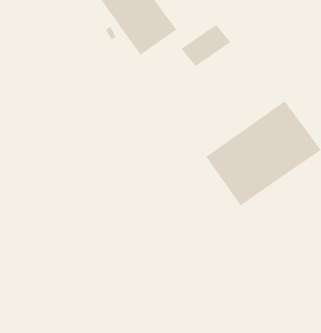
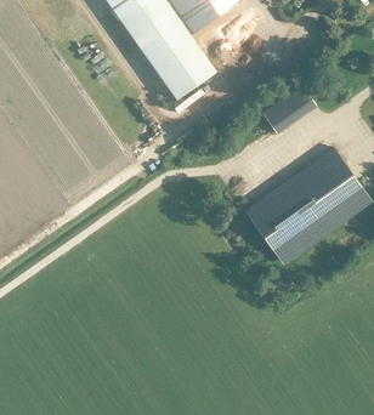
building: [180,24,231,67] -> [264,87,318,133]

